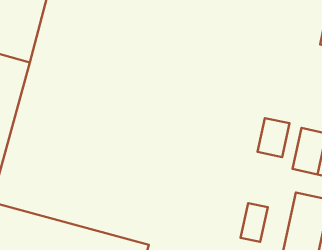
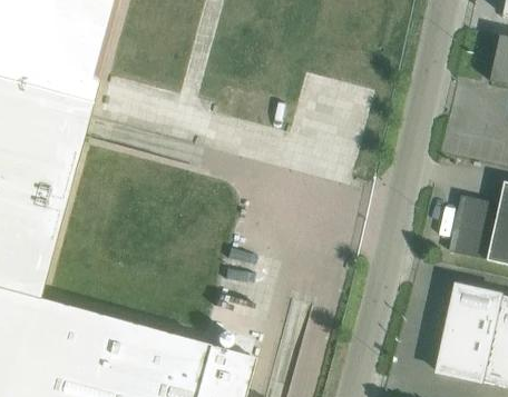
building: [258,118,290,157] -> none
building: [241,203,268,242] -> none

